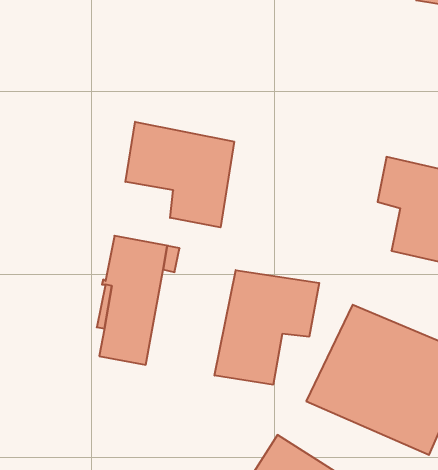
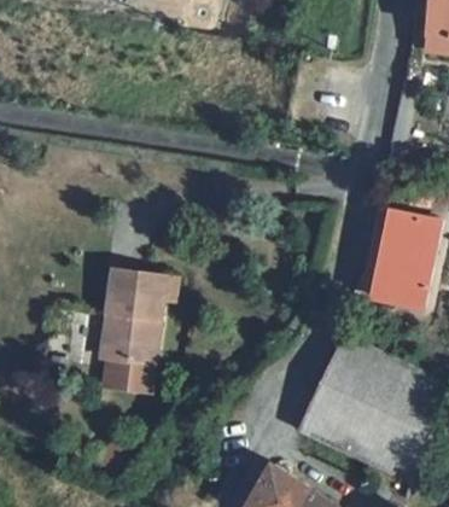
building: [125,122,234,227] -> none
building: [215,270,319,385] -> none

